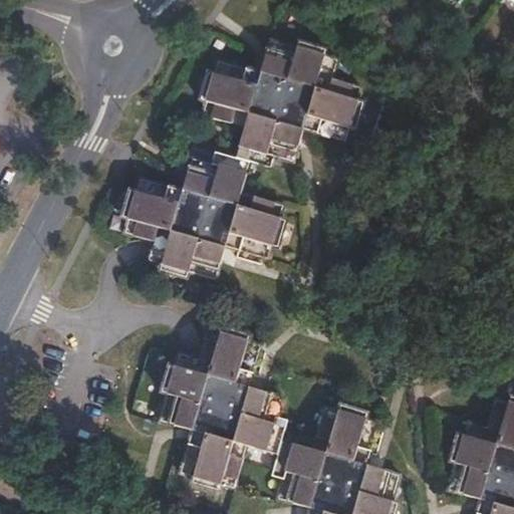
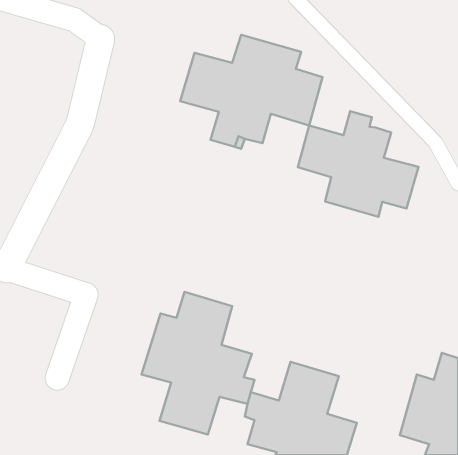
building: none -> [298,111,418,217]
building: [123,153,284,279] -> none

